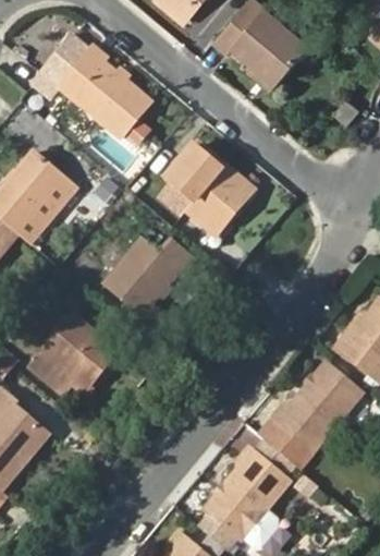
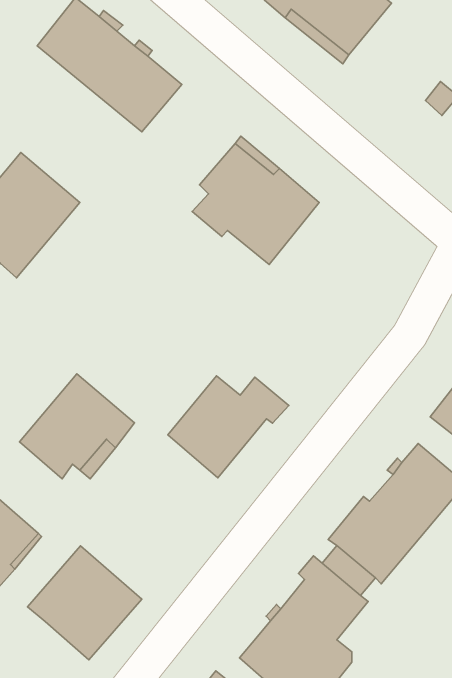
building: [105,240,194,315] -> [168,376,289,478]
building: none -> [28,546,142,660]

